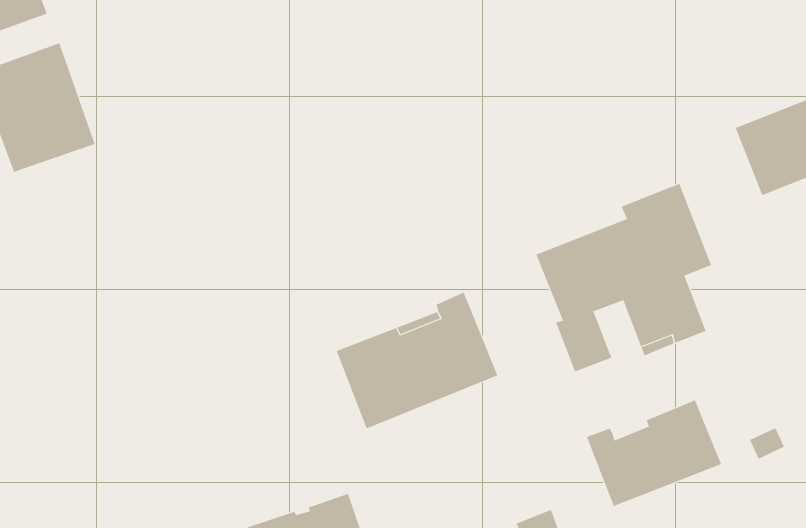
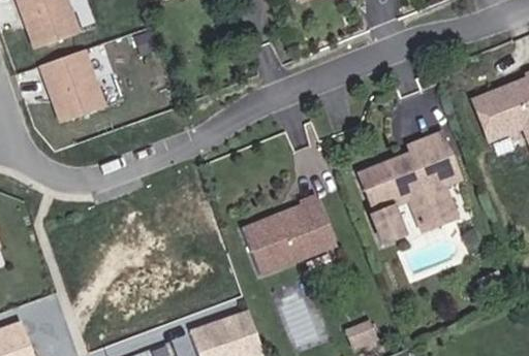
building: [586,400,722,507] -> none

